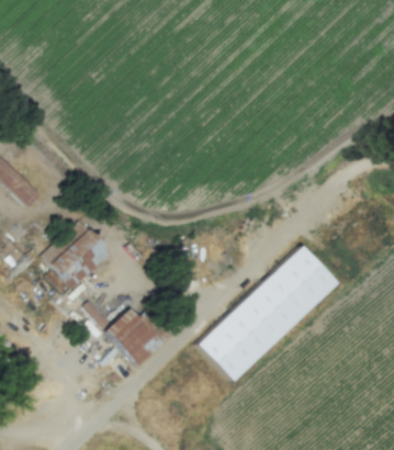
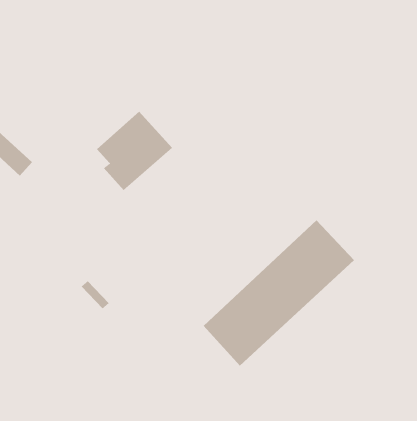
building: [42,222,112,295] -> [96,111,173,191]
building: [106,308,172,367] -> none

